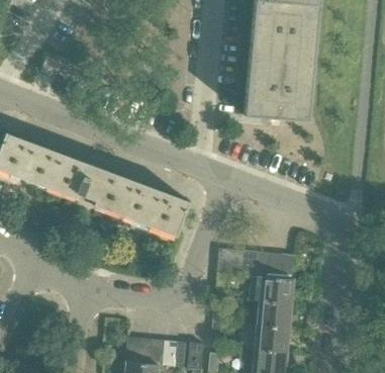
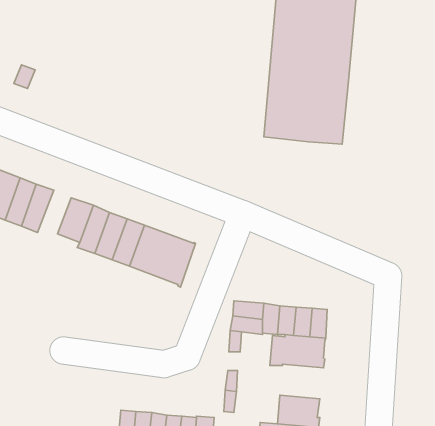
building: [60,159,87,199] -> none
building: [257,300,292,329] -> none

